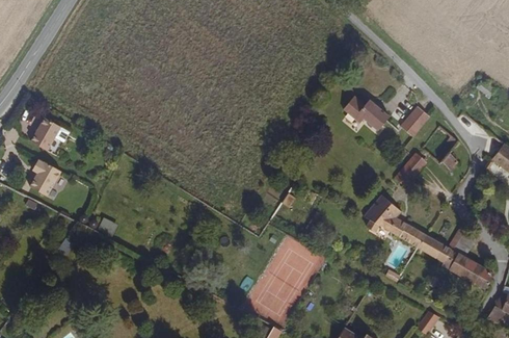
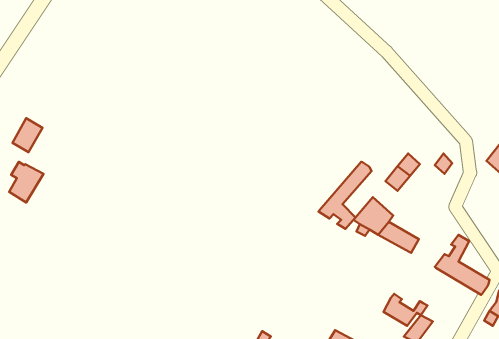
building: [344,93,391,130] -> none
building: [400,107,429,138] -> none
building: none -> [319,162,371,229]
building: [418,232,460,263] -> [383,294,427,326]

